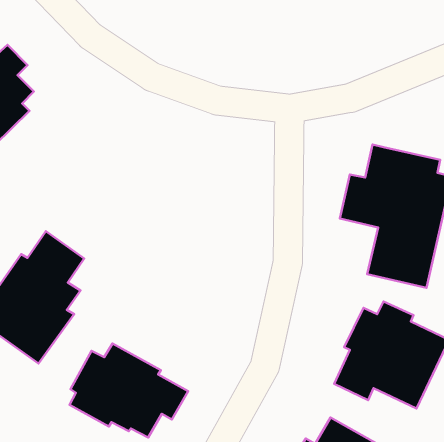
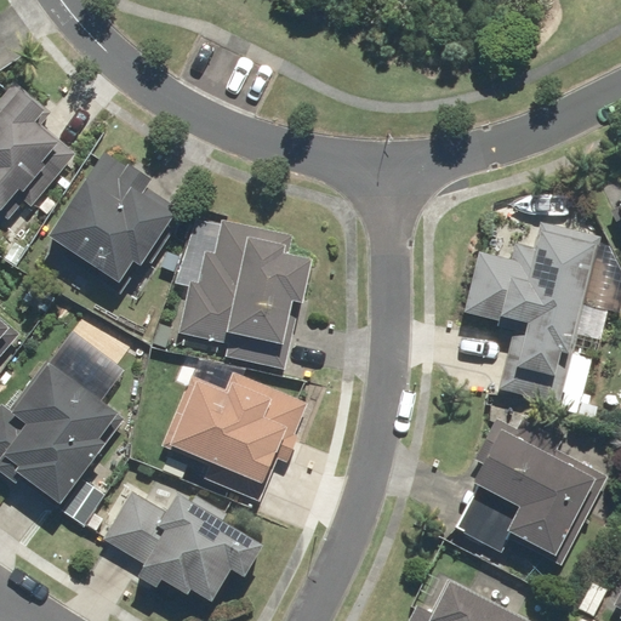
building: none -> [42,147,178,289]
building: none -> [177,221,309,370]
building: none -> [161,372,309,502]

